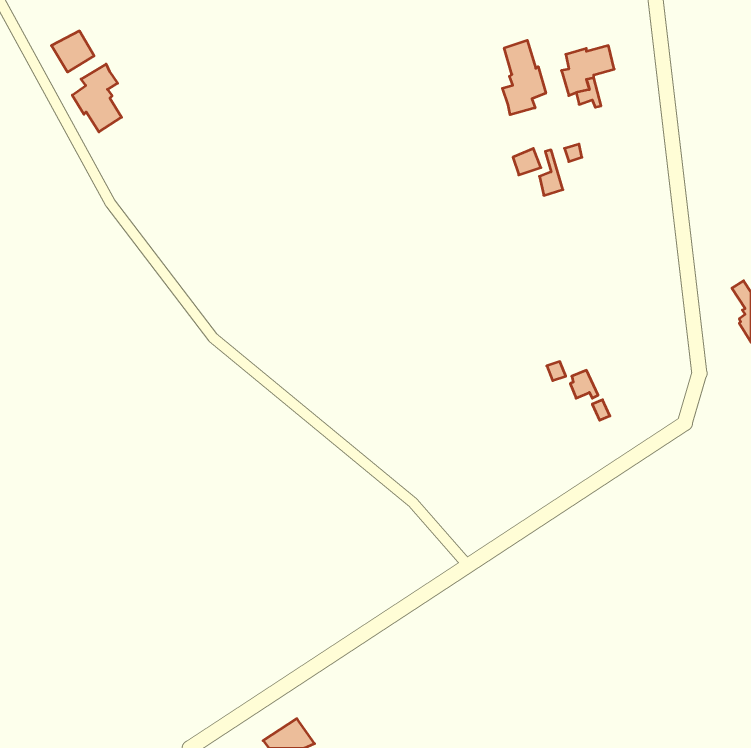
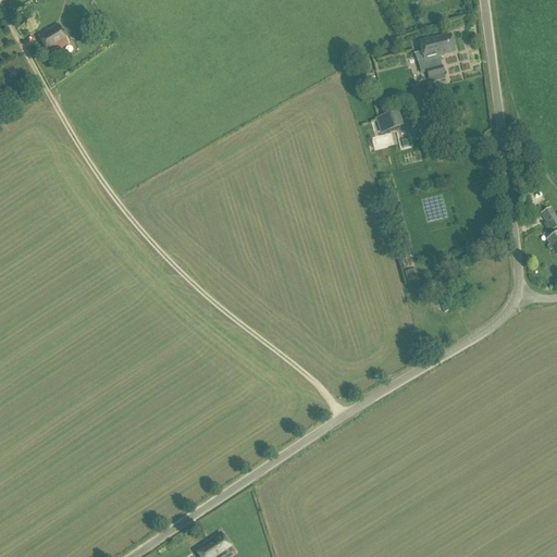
building: [502,40,546,115] -> none
building: [72,64,122,132] -> none

